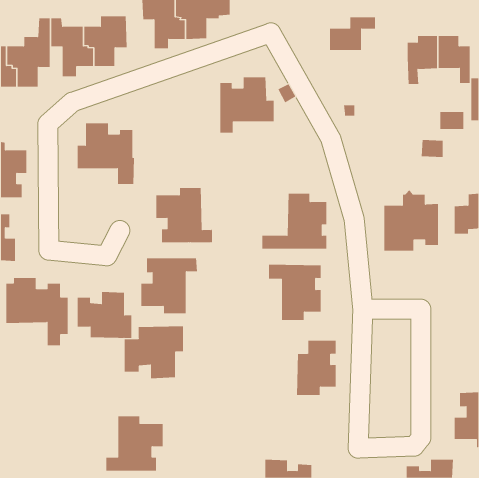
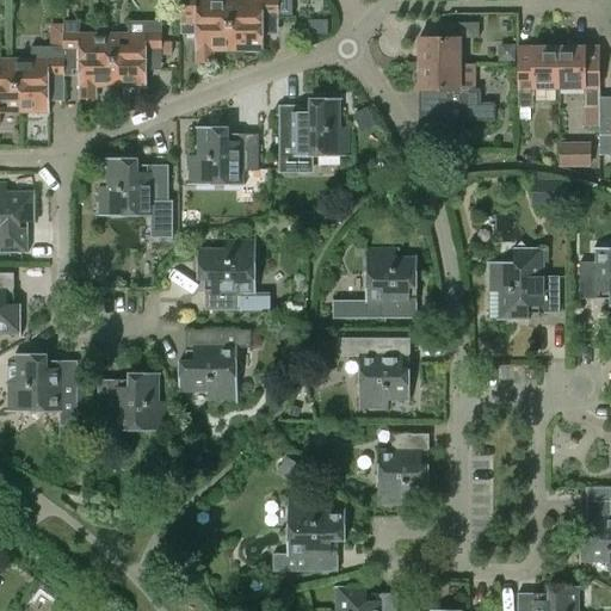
building: none -> [419,64,494,121]
building: none -> [189,126,259,184]
building: [124,325,184,379] -> none
building: [105,416,163,471] -> [272,500,346,570]

